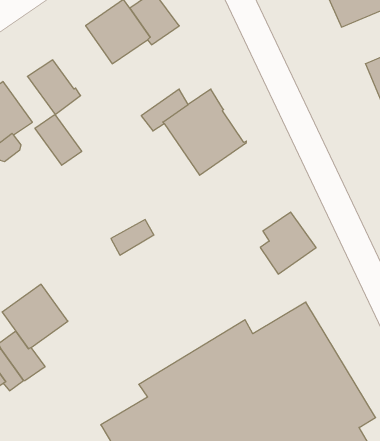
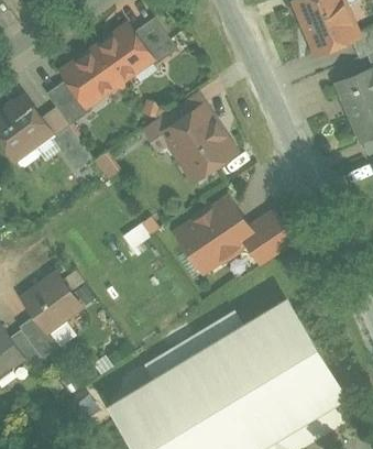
building: none -> [62,51,118,106]
building: none -> [176,198,254,271]

